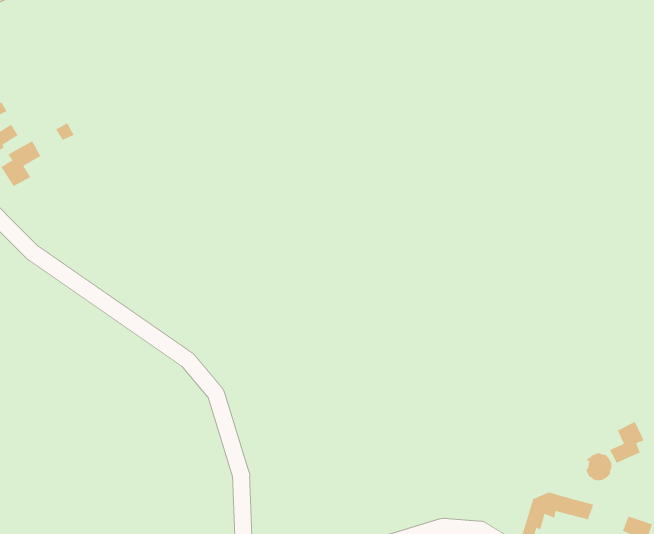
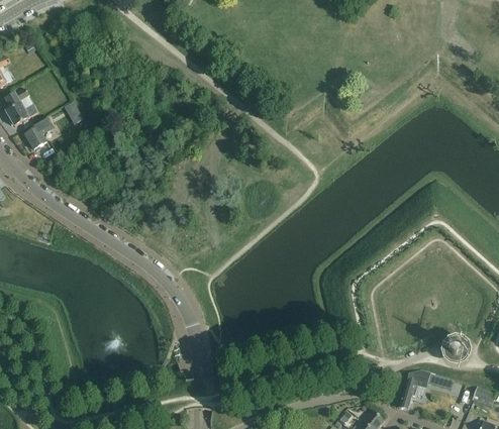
building: [609,421,644,463] -> none

